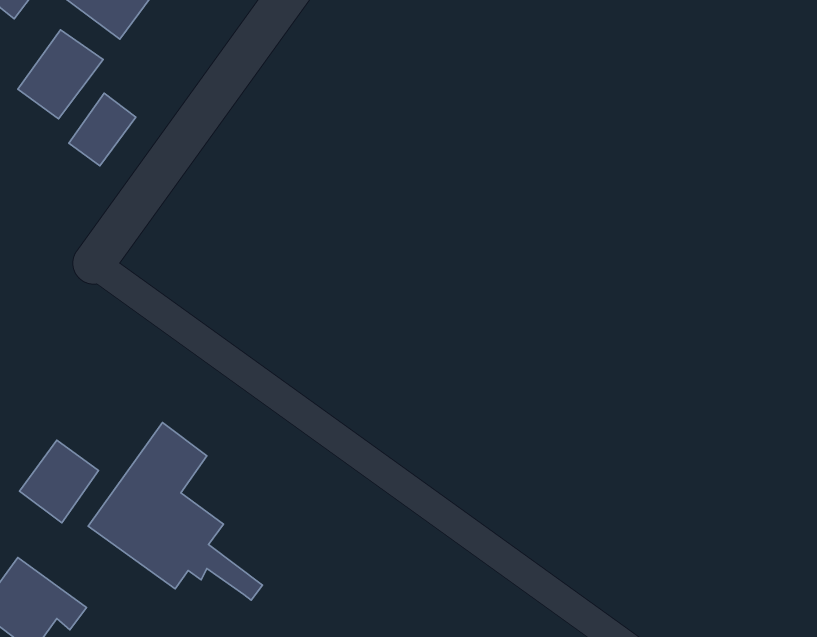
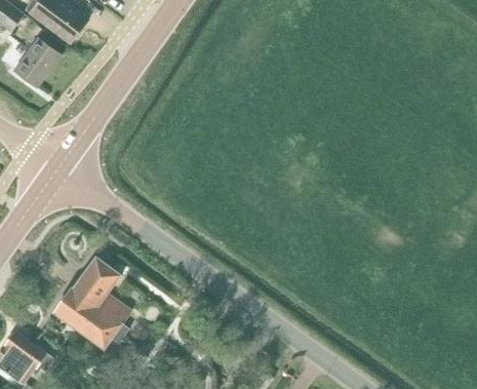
building: [69,93,136,166] -> none
building: [19,440,98,523] -> none

